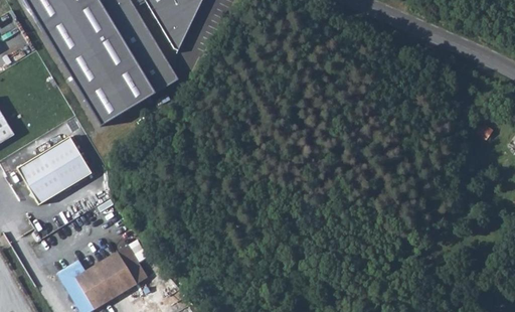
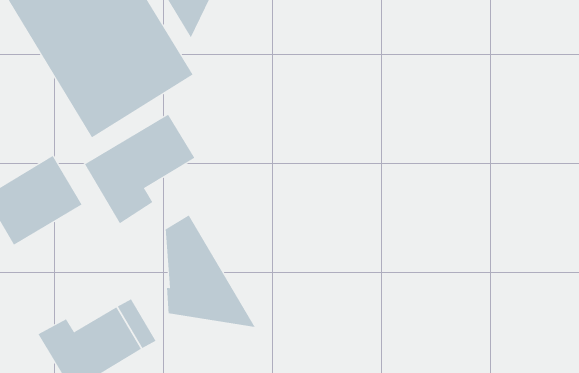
building: none -> [84,114,195,224]
building: none -> [165,215,256,328]

